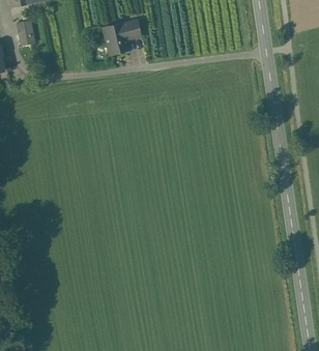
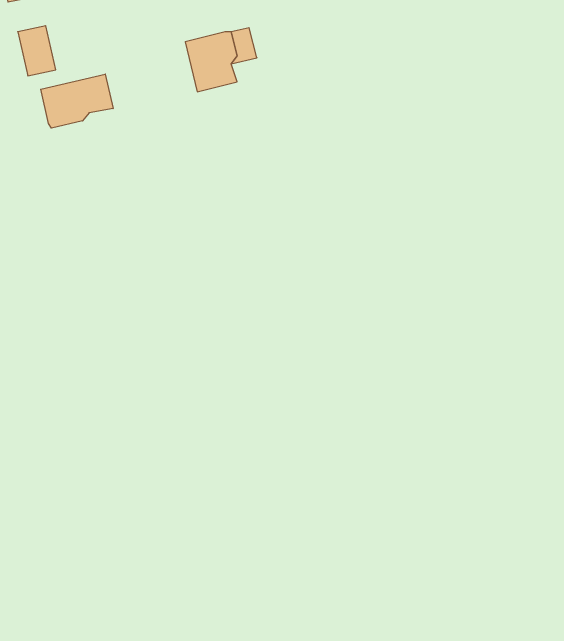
building: none -> [41,74,113,128]

